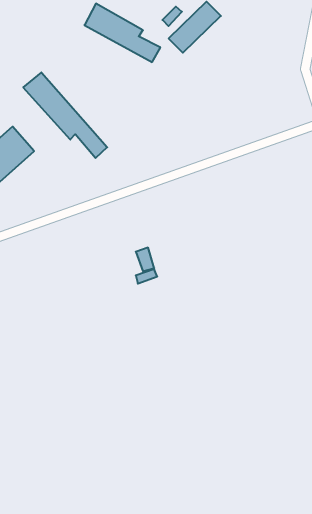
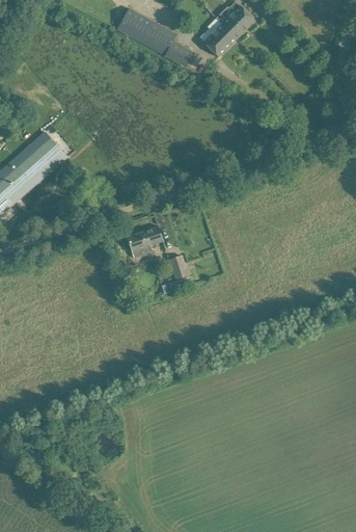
building: [23,72,107,158] -> none
building: none -> [126,225,162,258]

